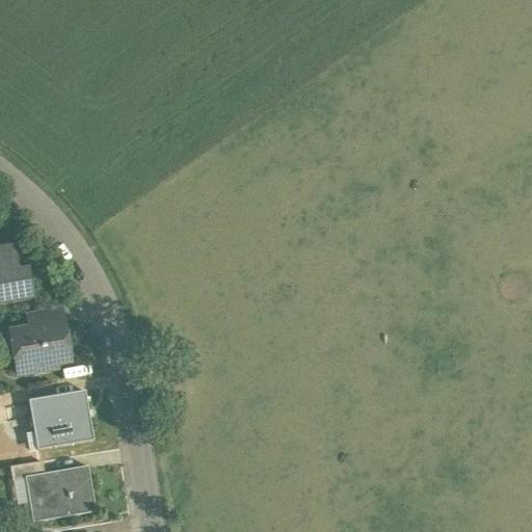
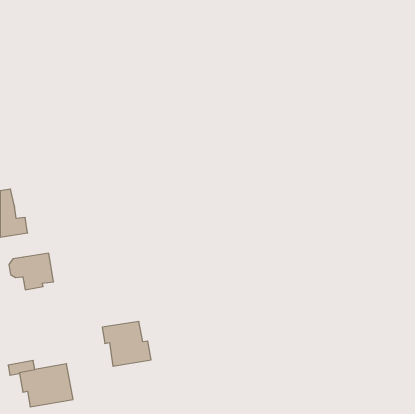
building: [27,307,62,329] -> none
building: [29,391,91,448] -> [102,322,151,366]

